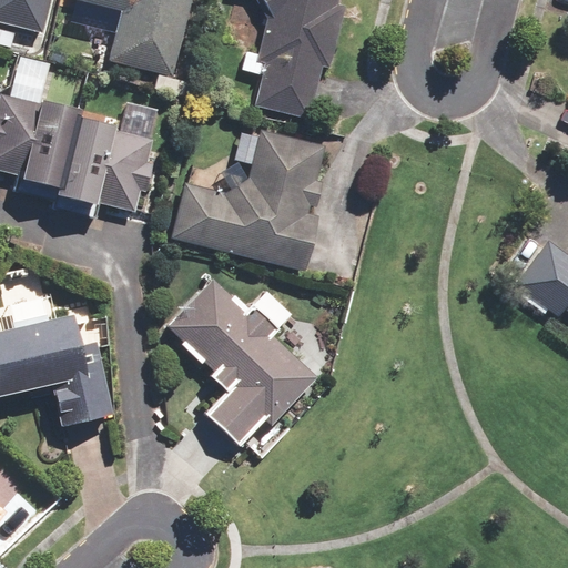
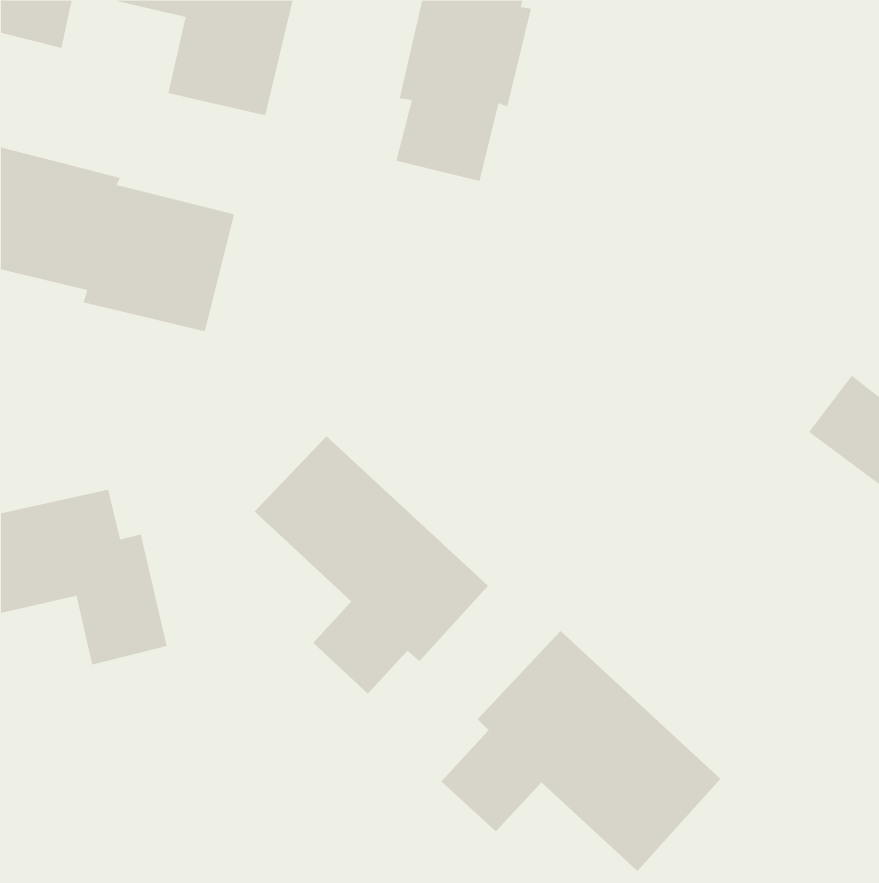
building: [171,130,324,272] -> none
building: none -> [440,630,721,872]

